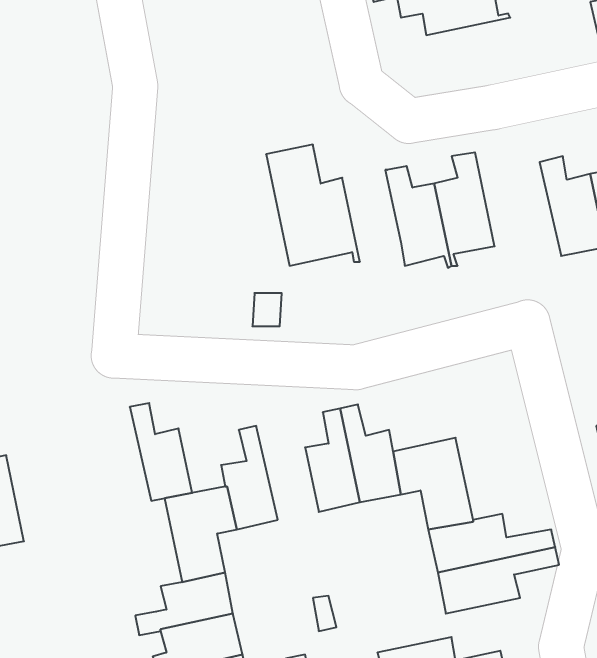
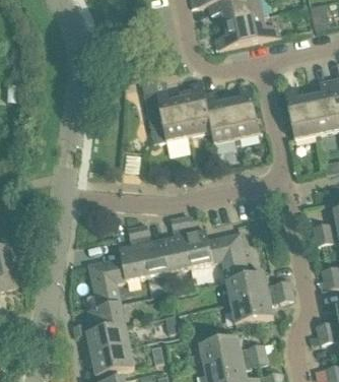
building: none -> [215,14,279,49]
building: none -> [181,81,211,141]
building: [130,403,192,501] -> [136,225,168,275]

